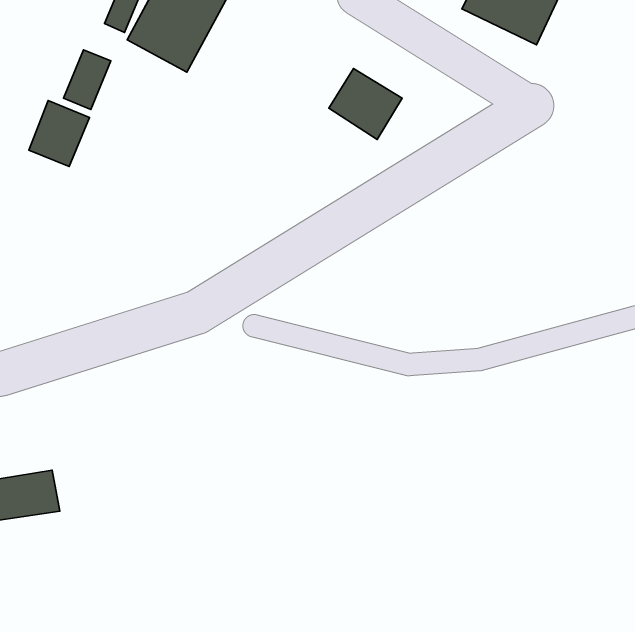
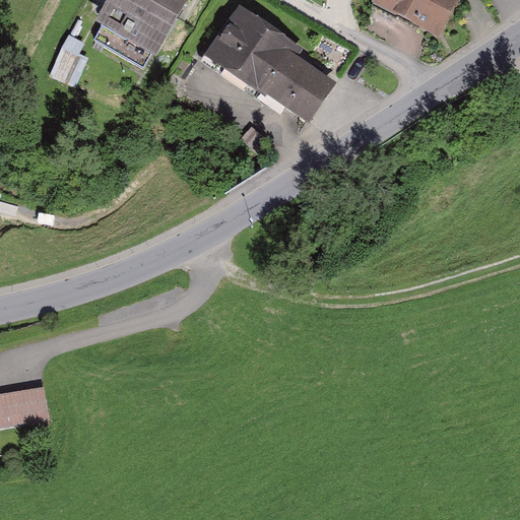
building: none -> [211,11,295,88]
building: [29,100,89,167] -> none

